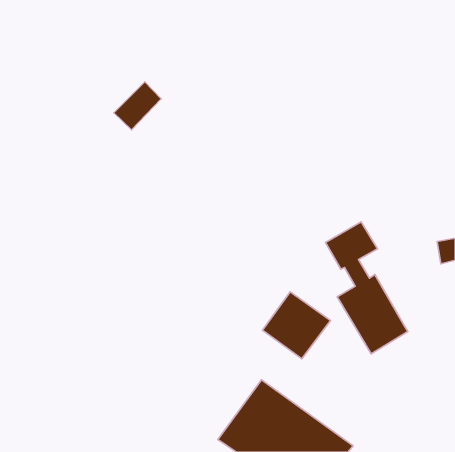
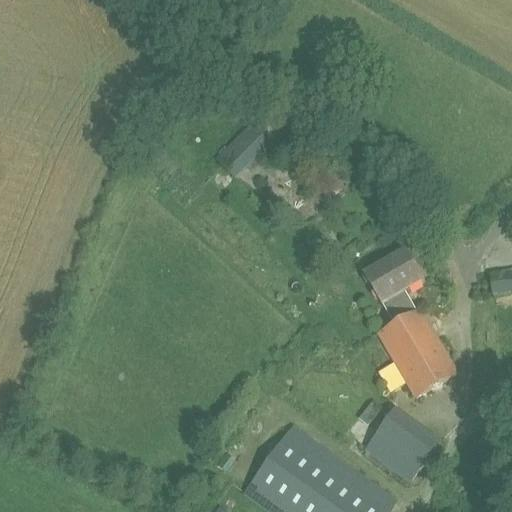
building: [114,82,161,130] -> [215,123,268,177]
building: [263,292,330,359] -> [365,406,441,481]

